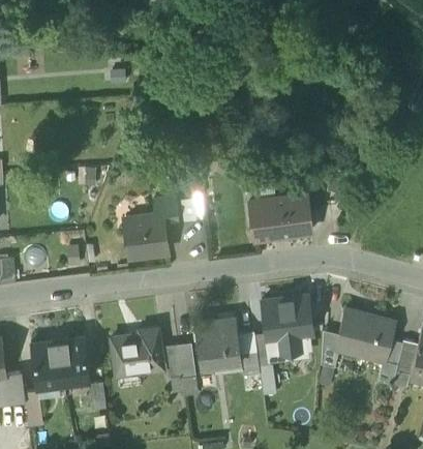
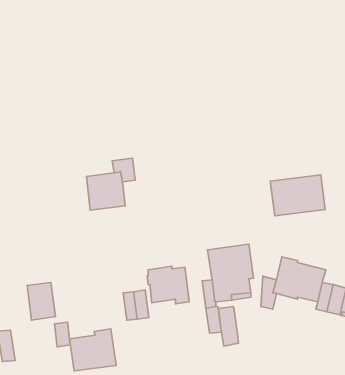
building: [249,194,311,241] -> [270,175,325,216]
building: [111,329,163,377] -> [69,329,116,371]
building: [237,334,260,379] -> [218,307,239,346]
building: [31,342,62,385] -> none

